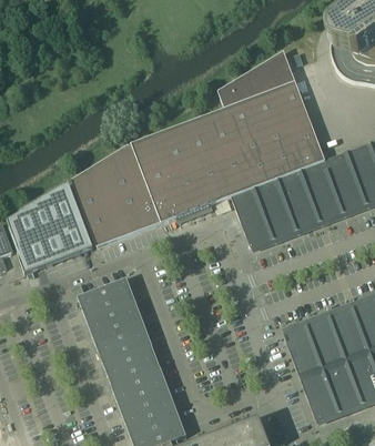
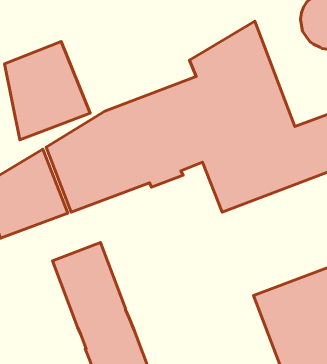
building: none -> [5,41,90,140]

